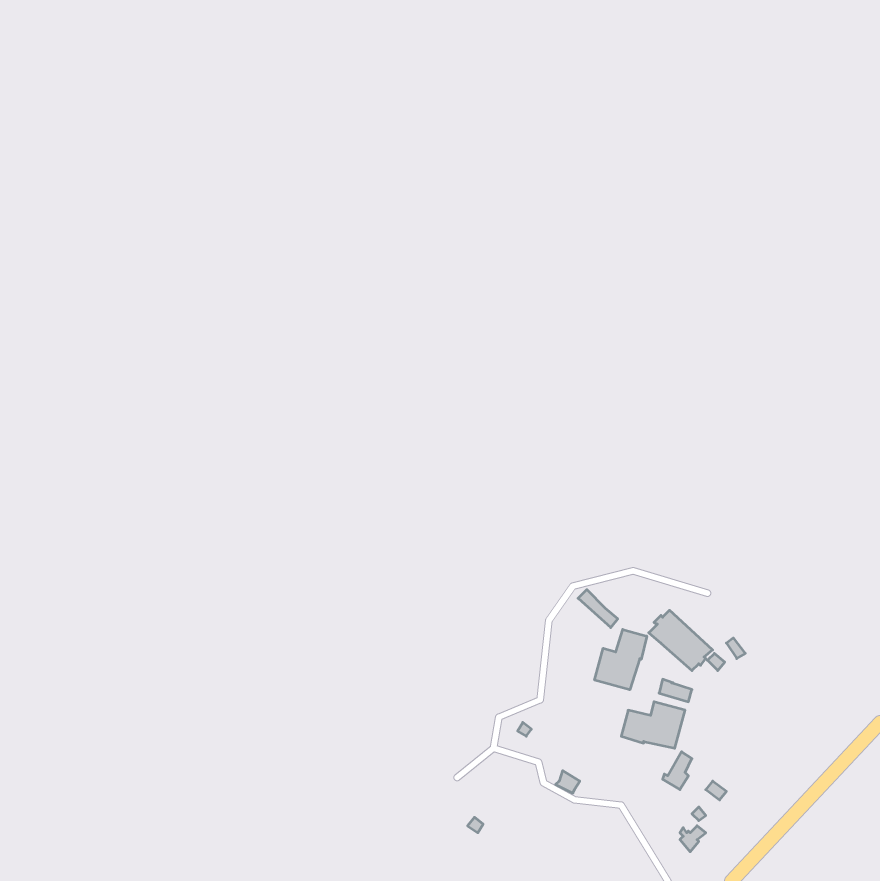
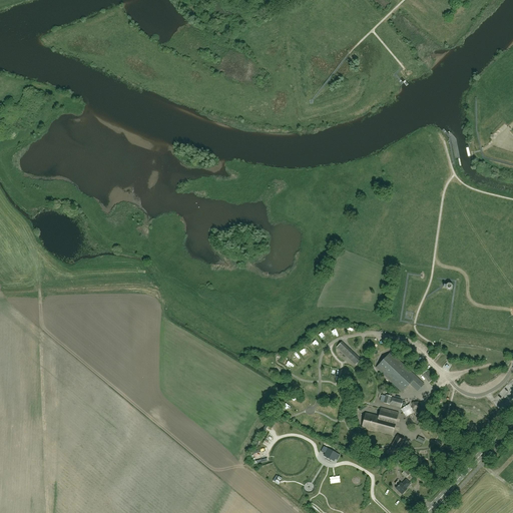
building: [595,629,647,690] -> none

